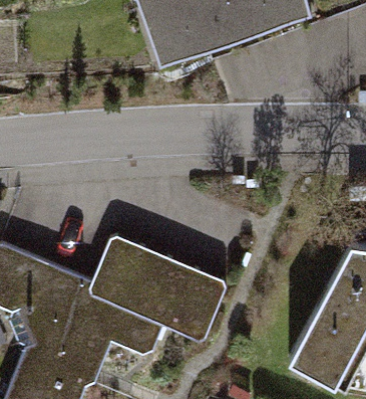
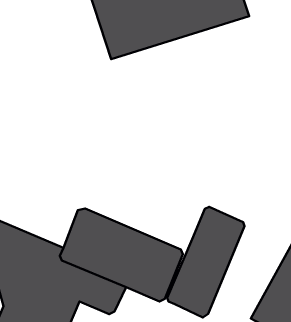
building: none -> [167,207,245,317]

